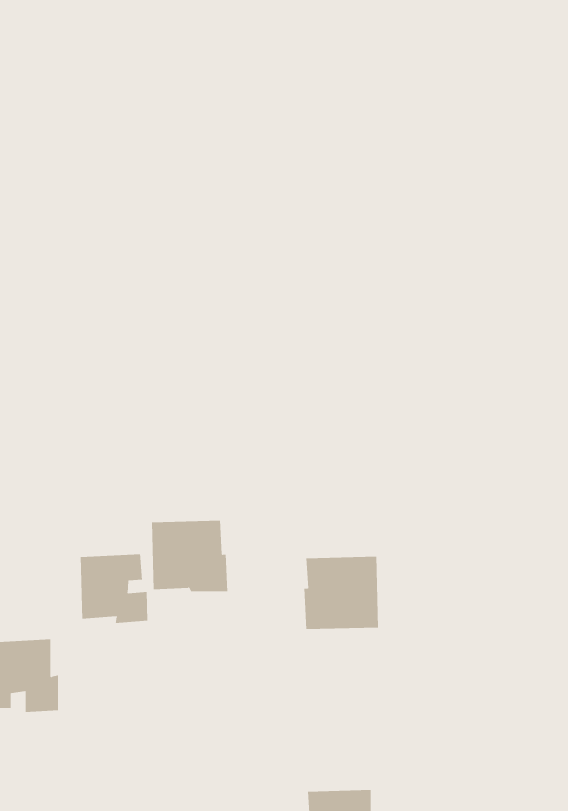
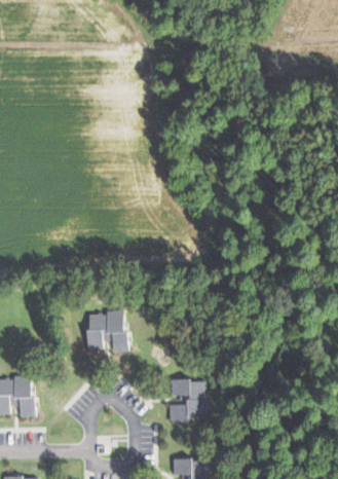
building: [80,554,148,624] -> none
building: [304,556,379,630] -> [167,379,209,419]

